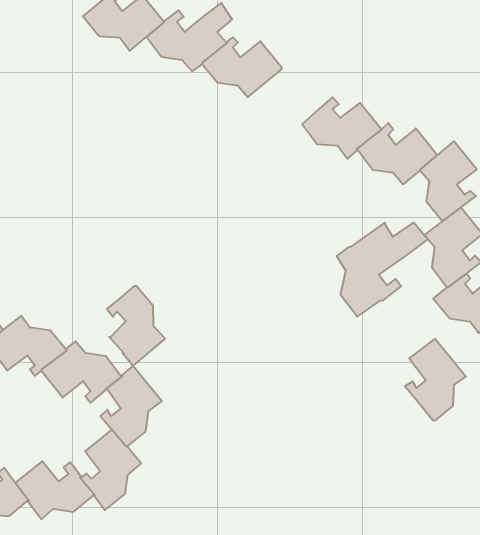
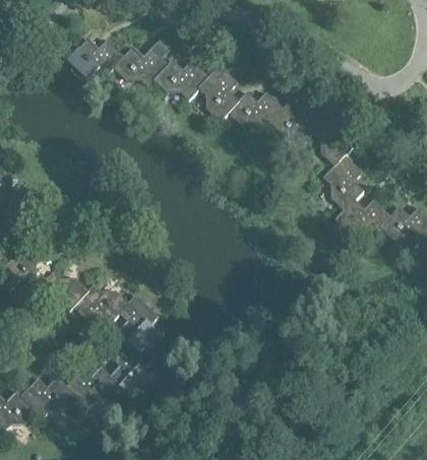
building: none -> [200,64,240,121]
building: [337,223,428,317] -> none
building: [107,286,165,366] -> none
building: [405,339,466,421] -> none

